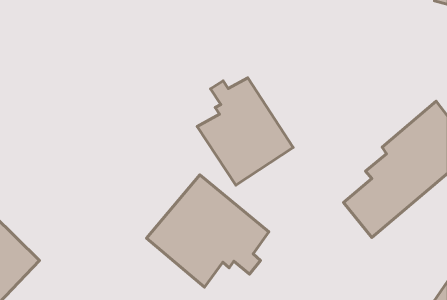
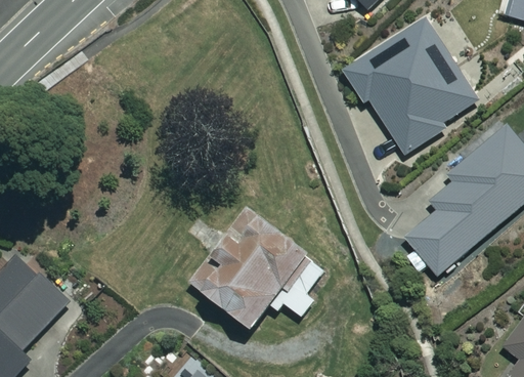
building: none -> [343,17,480,153]
building: [197,78,293,185] -> none

